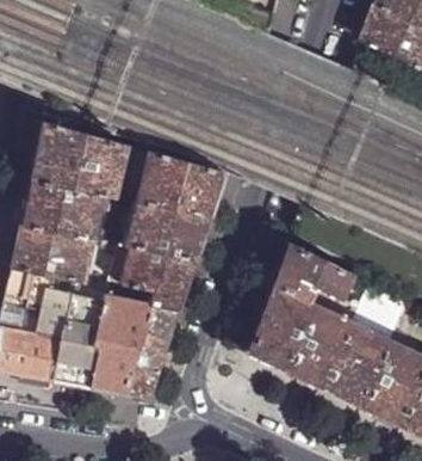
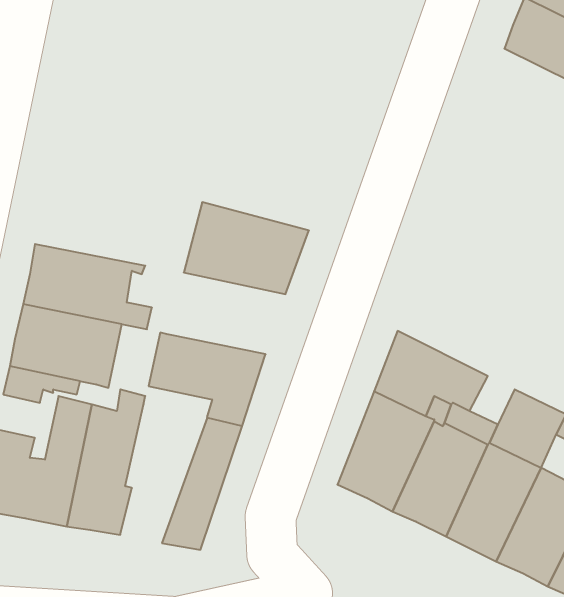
building: [27,119,124,195] -> none
building: [122,199,206,258] -> none
building: [88,294,150,393] -> none

